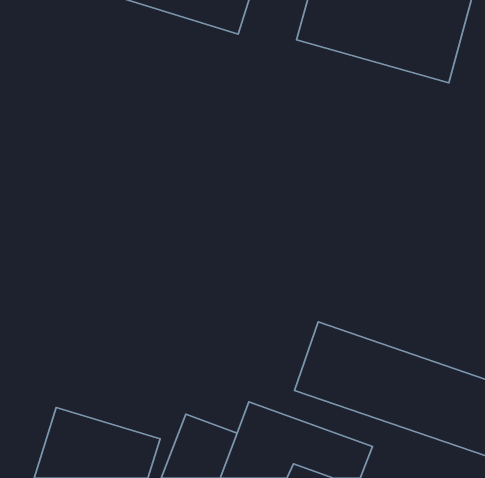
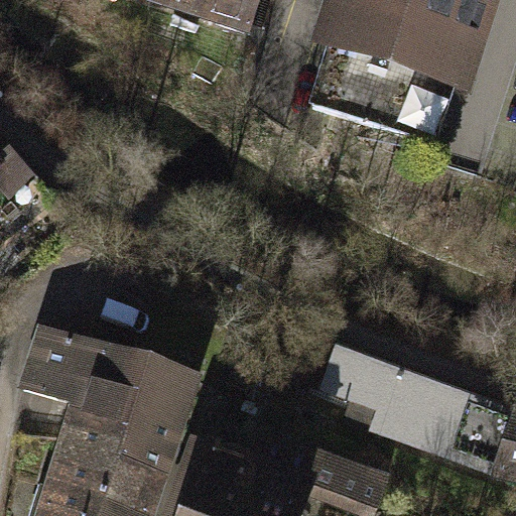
building: none -> [19,331,198,465]

